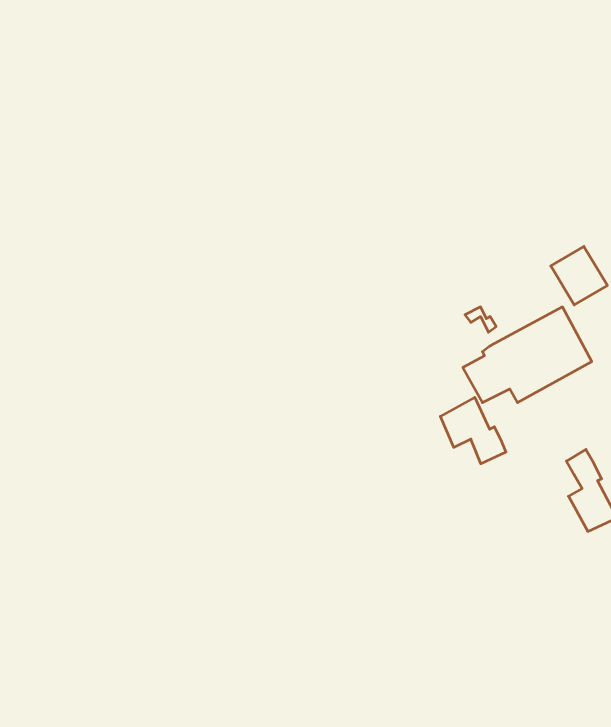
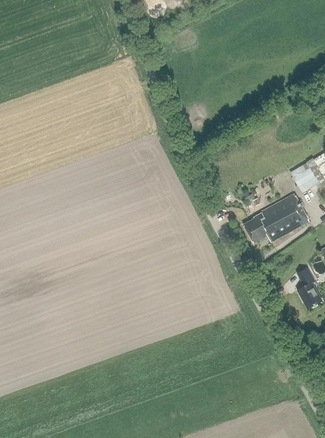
building: [440,397,506,464] -> none

